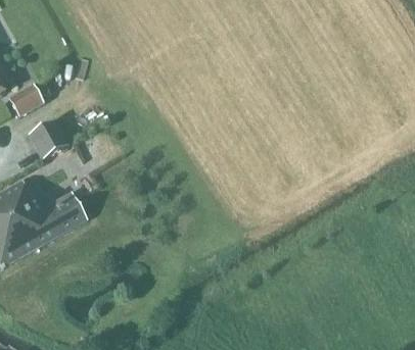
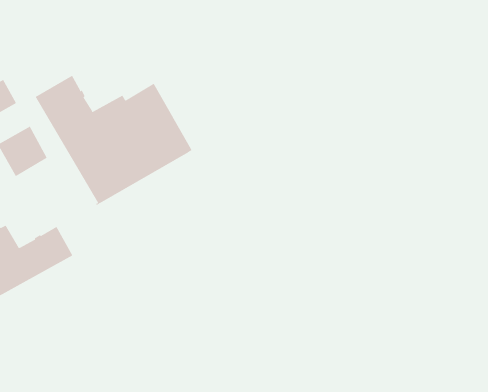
building: none -> [35,75,192,206]

